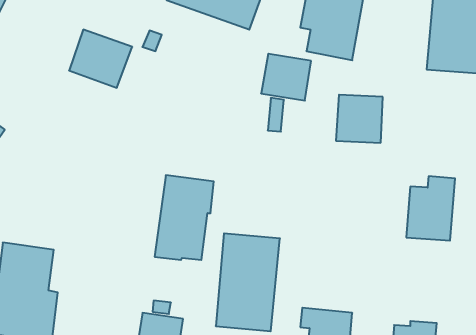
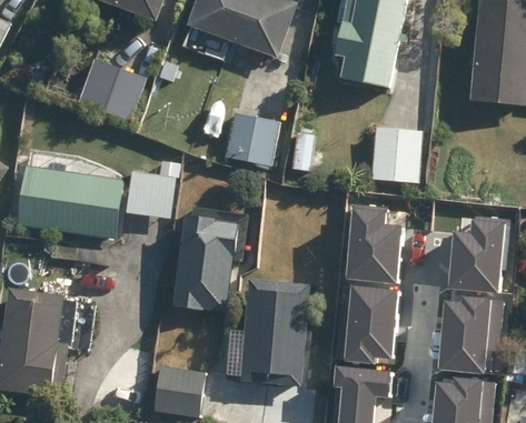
building: [261,54,311,101] -> [227,112,281,163]
building: none -> [19,148,125,235]
building: none -> [127,153,179,218]
building: none -> [346,203,399,278]
building: none -> [343,282,396,357]
building: none -> [437,294,489,370]

